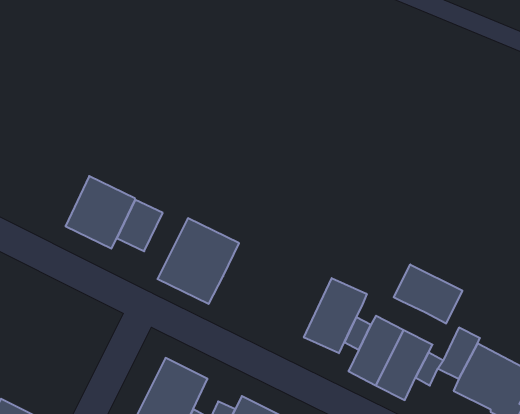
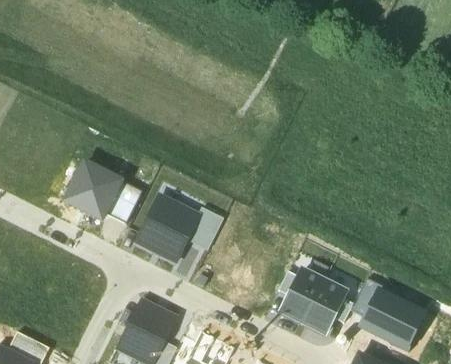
building: none -> [186,207,223,249]
building: [394,264,462,324] -> none
building: [304,278,367,353] -> none

